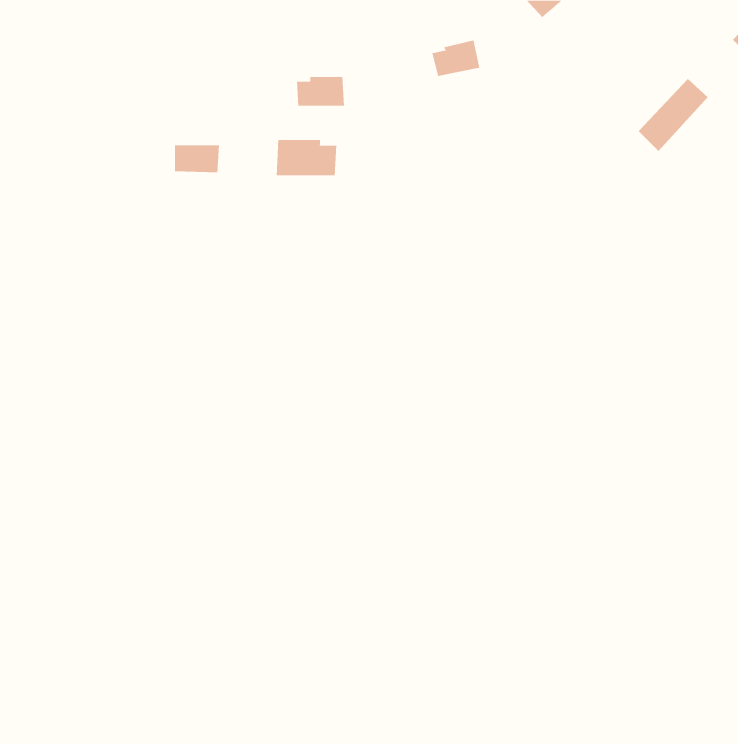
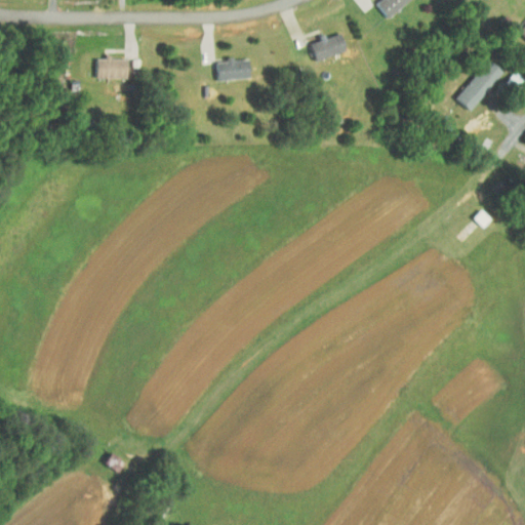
building: [276,139,337,176] -> none
building: [174,145,220,173] -> [96,59,128,79]

